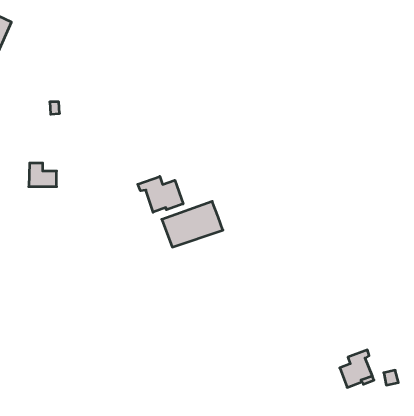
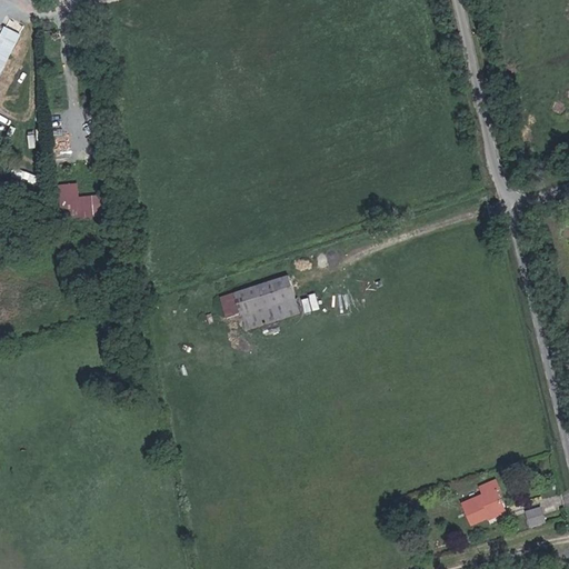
building: [29,163,57,187] -> [56,181,93,213]
building: [138,176,183,212] -> none

